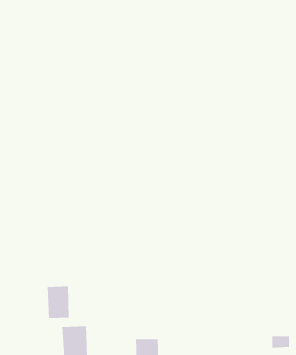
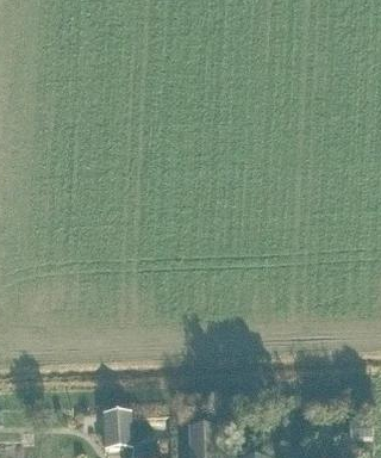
building: [47,286,69,319] -> none

